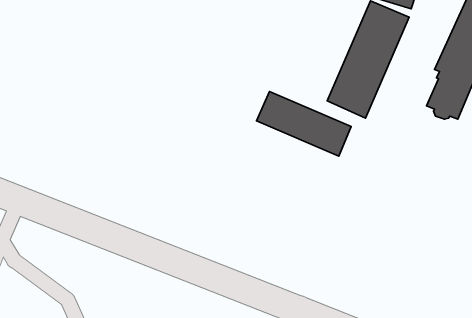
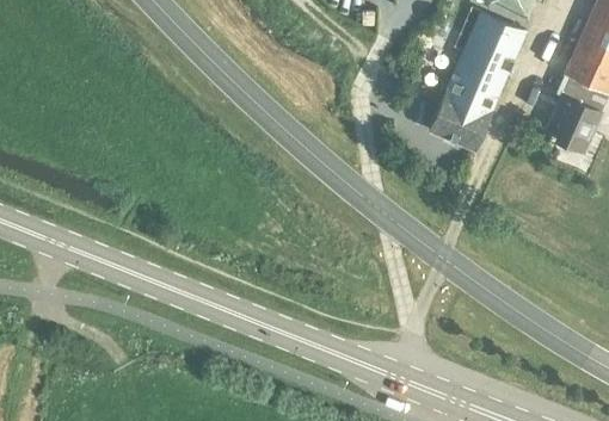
building: [257,92,351,156] -> none

